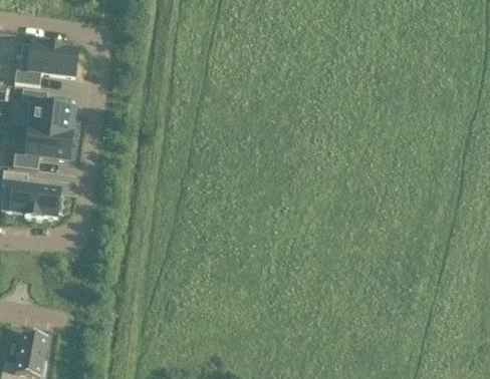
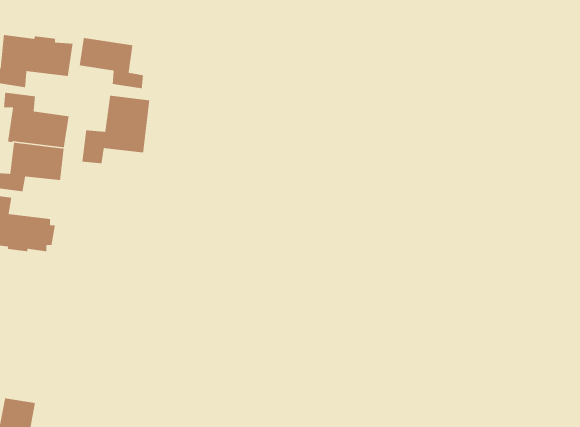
building: none -> [79,37,144,89]
building: none -> [82,95,150,164]

